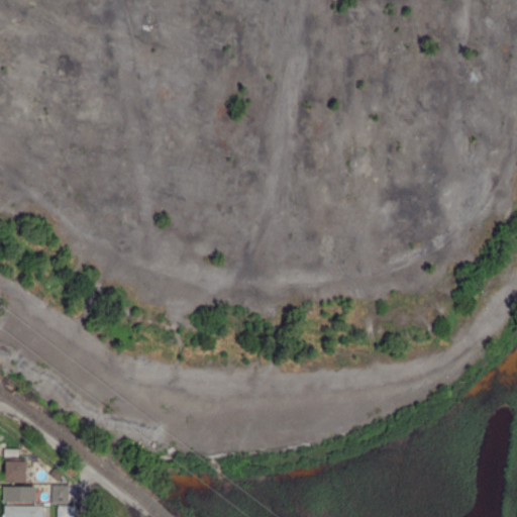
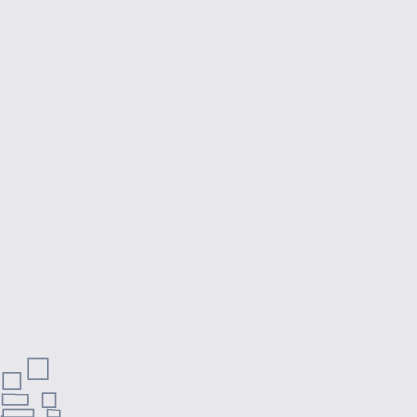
building: none -> [28,358,48,379]

